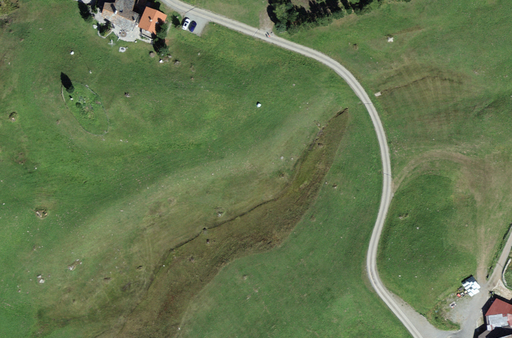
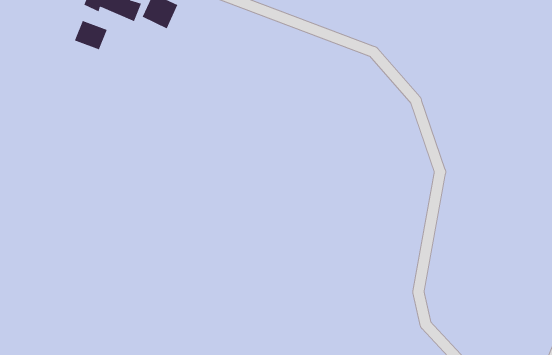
building: none -> [74,20,107,50]

